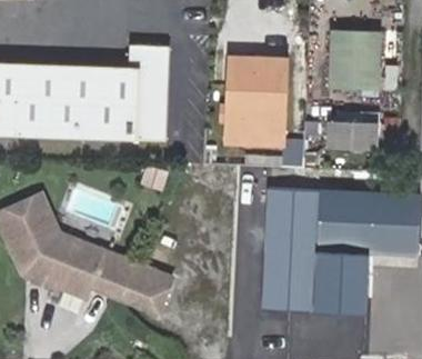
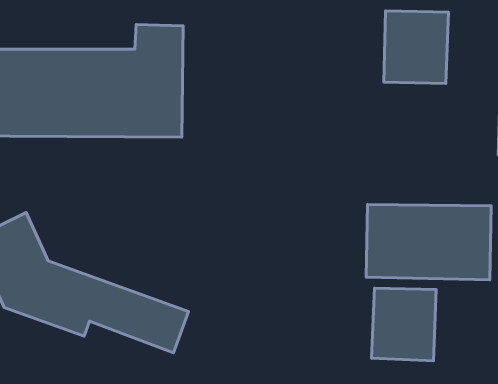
building: [225,63,283,146] -> none
building: [322,119,373,144] -> none
building: [263,189,315,311] -> none

